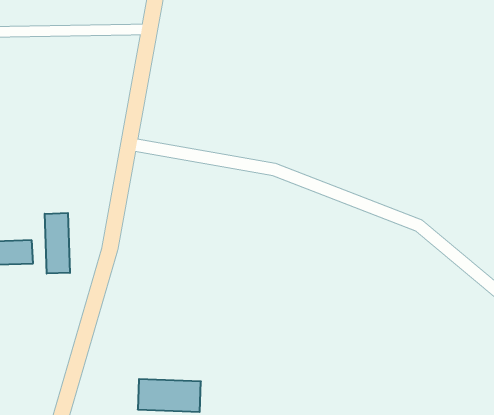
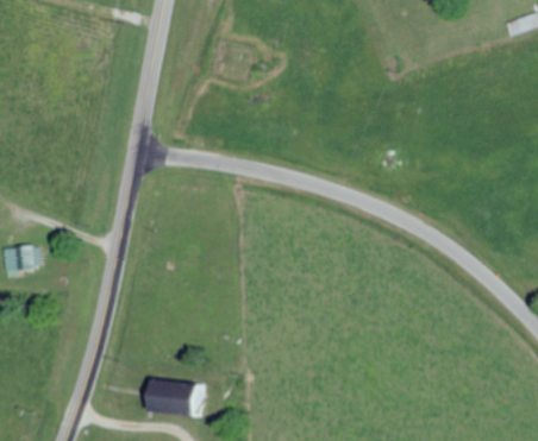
building: [45,213,70,274] -> none

